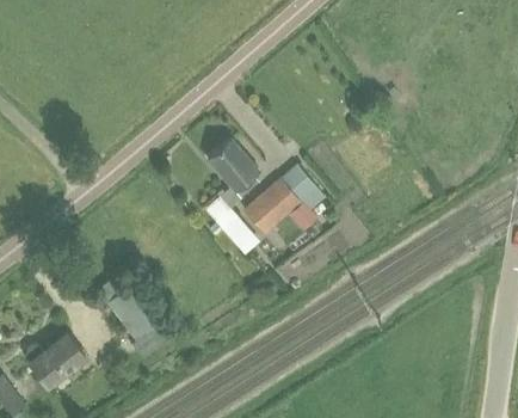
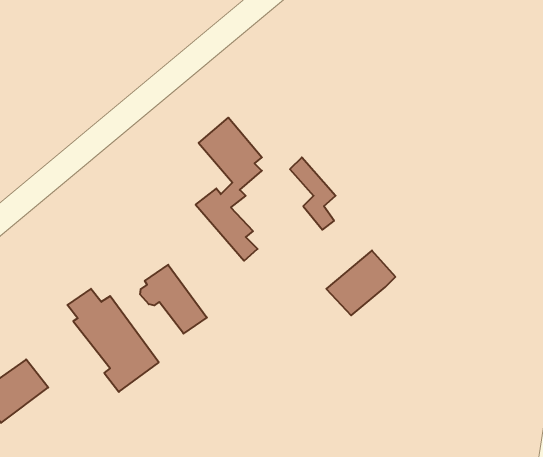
building: [245,180,301,233] -> [326,250,395,315]
building: none -> [140,265,207,334]

